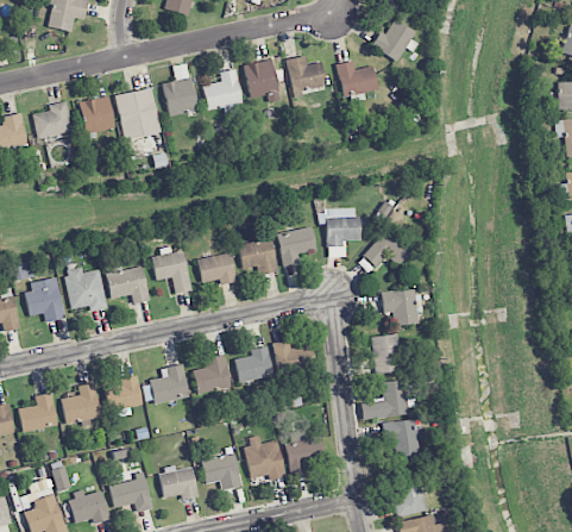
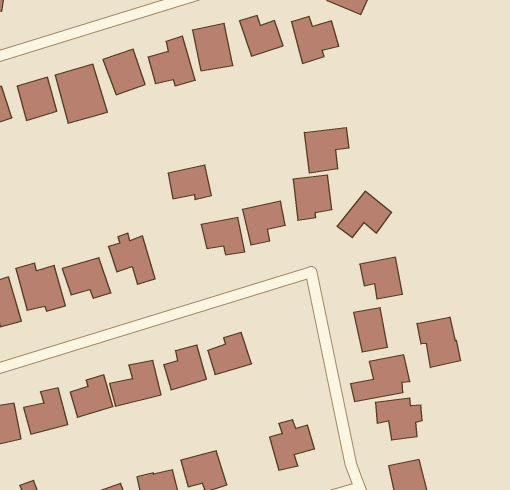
building: none -> [304,128,349,173]
building: [197,254,235,284] -> [168,165,211,200]
building: [272,339,315,380] -> none
building: none -> [417,317,460,368]
building: [243,436,285,481] -> none

